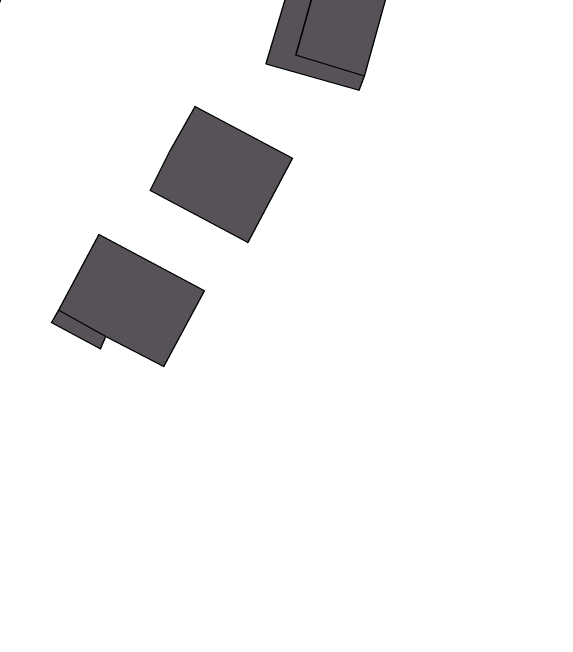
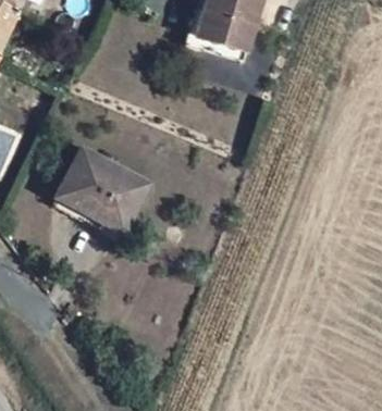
building: [150,106,293,243] -> none

